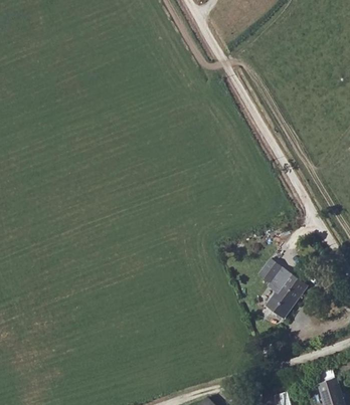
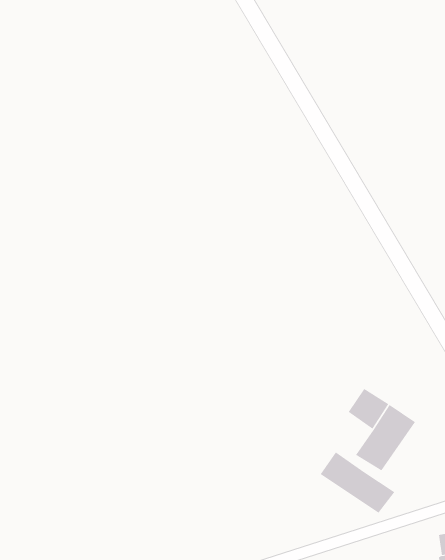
building: none -> [320,452,395,513]

